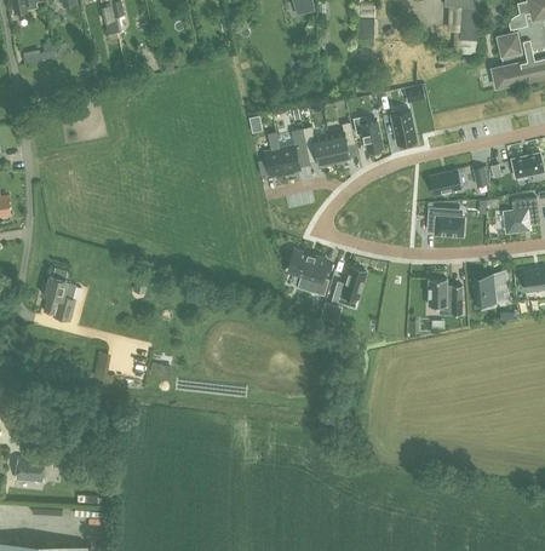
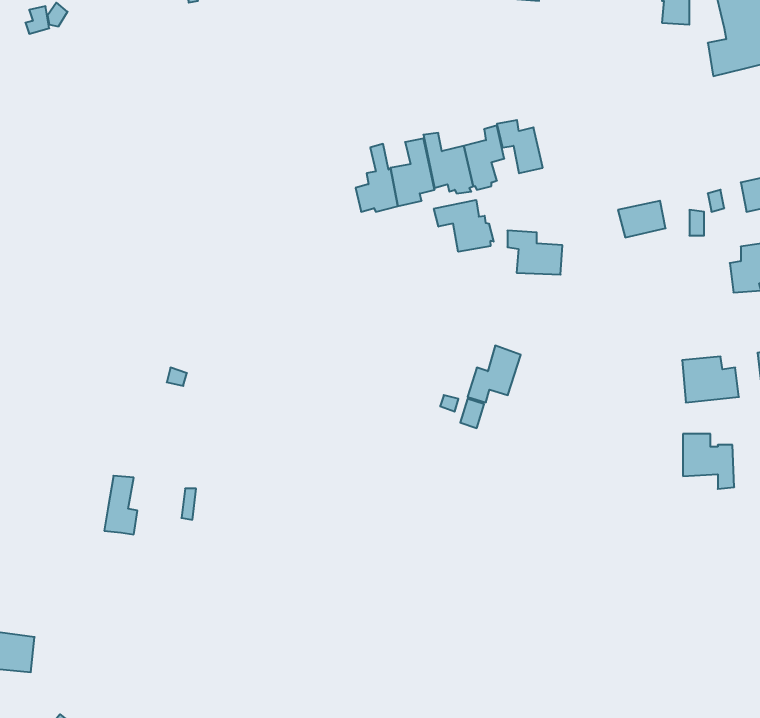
building: [390,110,415,143] -> none
building: none -> [434,200,494,252]
building: [426,206,463,235] -> [507,231,562,275]
building: [288,251,328,295] -> none
building: [39,268,75,322] -> none
building: [429,279,463,315] -> [683,434,734,489]

